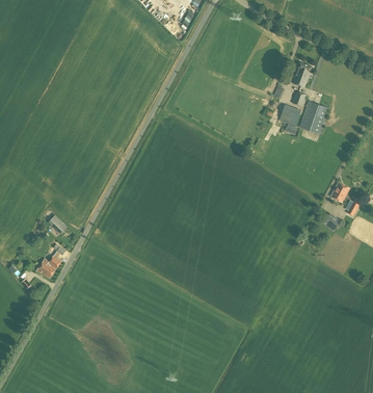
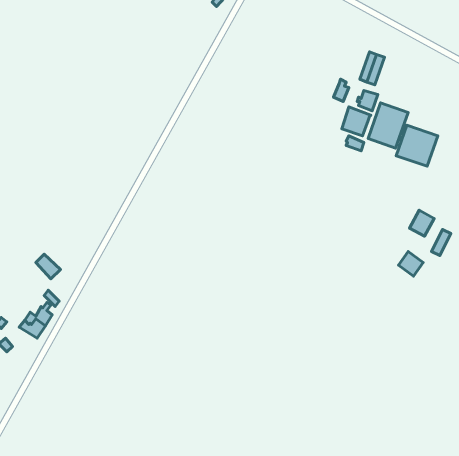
building: none -> [396,125,438,166]

